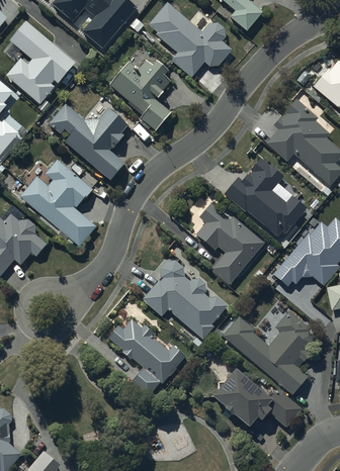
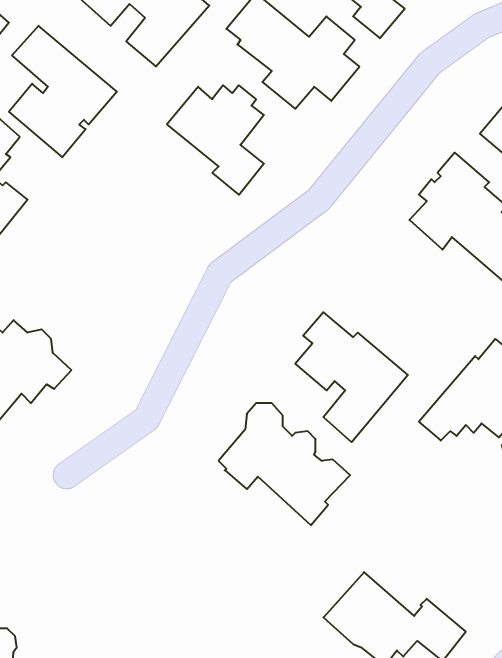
building: [52,104,129,179] -> none
building: [19,155,96,242] -> none
building: [223,159,307,239] -> none
building: [222,312,317,396] -> none
building: [107,321,184,398] -> none

